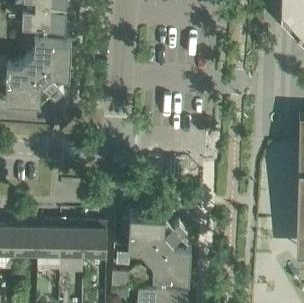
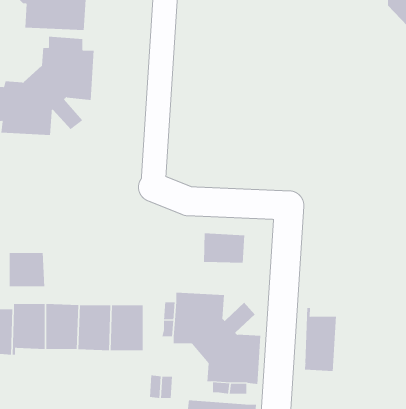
building: none -> [204,232,245,263]
building: none -> [9,252,45,287]
building: none -> [305,307,336,372]

